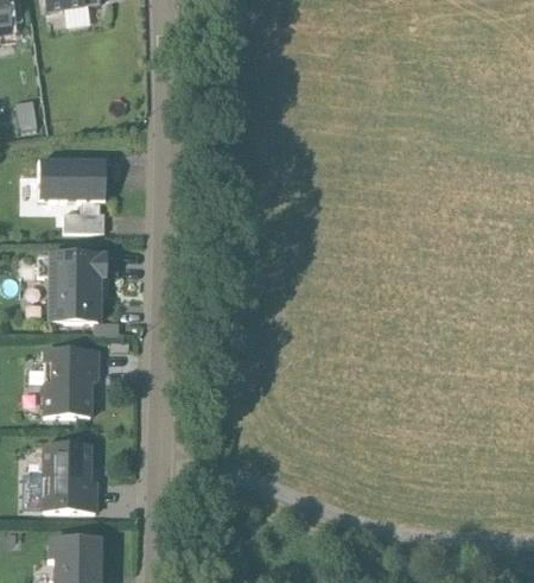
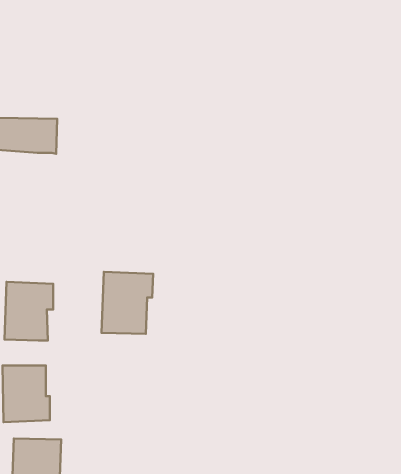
building: [63,199,104,229] -> none
building: [47,251,107,322] -> [102,272,153,334]

